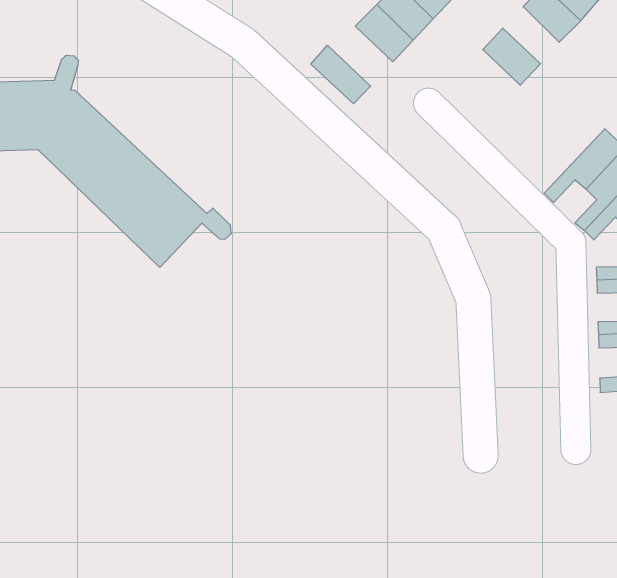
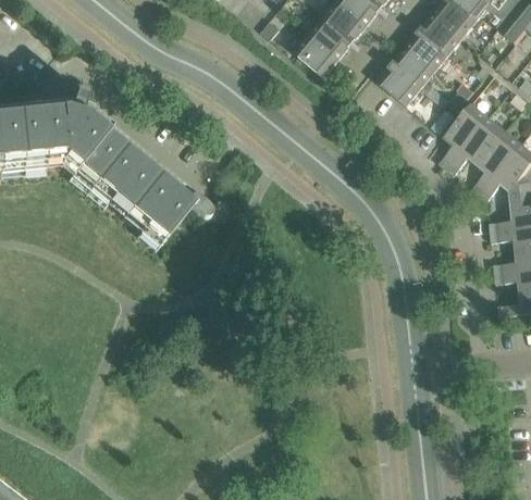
building: none -> [409,23,453,65]
building: [311,45,371,104] -> none
building: none -> [380,58,425,100]
building: none -> [442,97,492,163]

